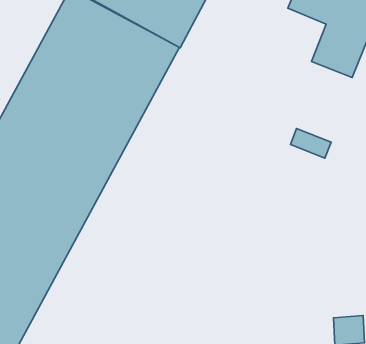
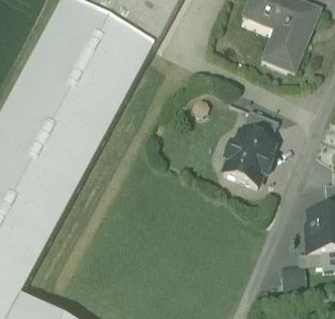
building: none -> [218,127,274,185]

